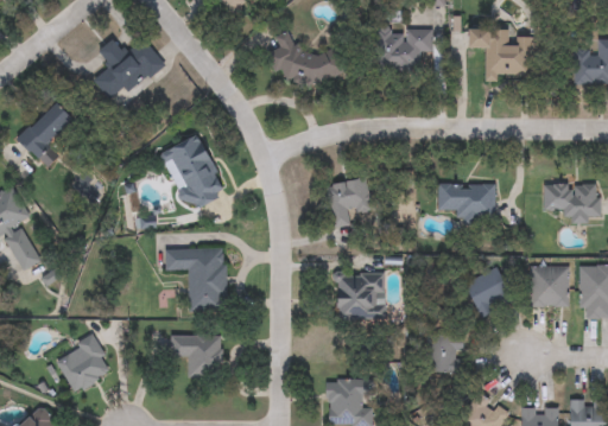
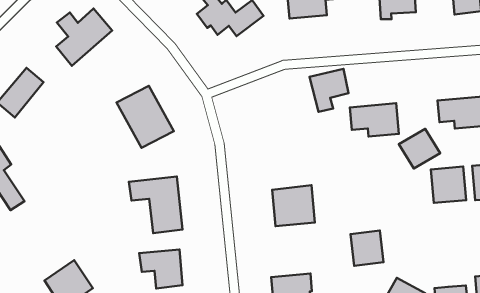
building: [325,179,370,228] -> [309,69,349,112]
building: [464,268,513,314] -> [399,129,440,169]

